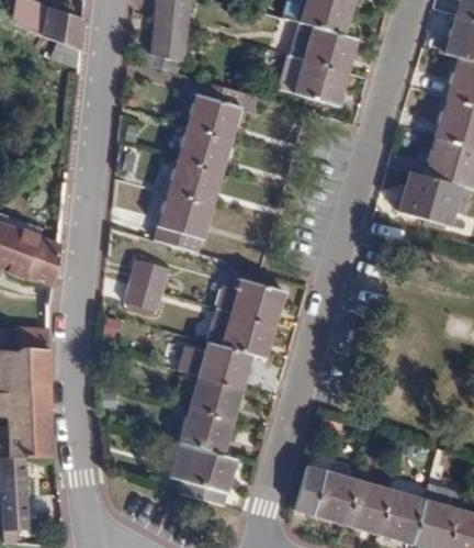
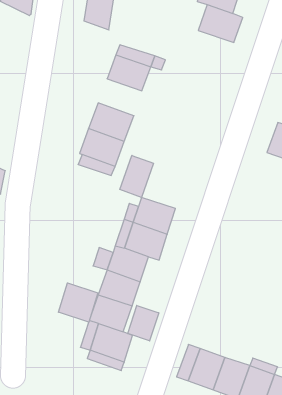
building: [292,57,348,102] -> none
building: [176,126,232,172] -> none
building: none -> [120,155,154,197]
building: [125,259,169,311] -> none
building: none -> [58,283,98,322]
building: none -> [128,305,159,341]

